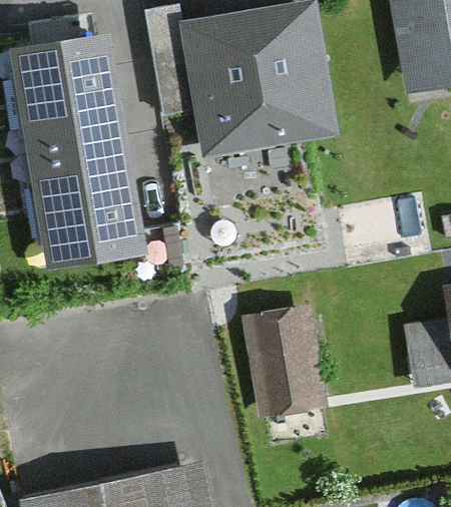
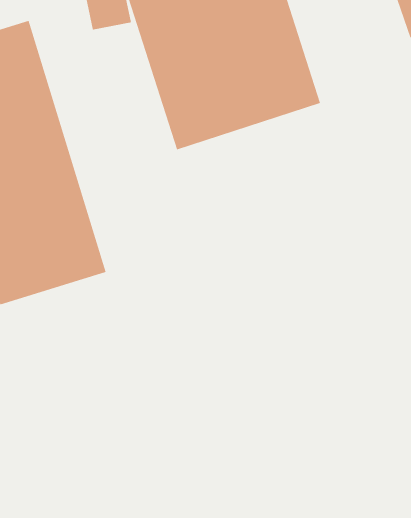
building: [247,305,322,411] -> none

